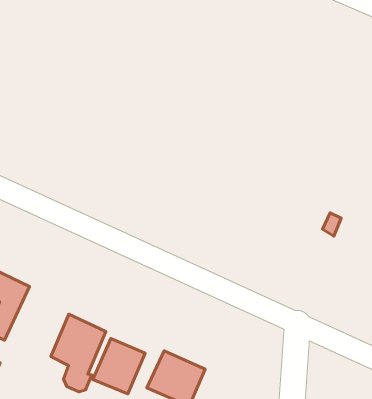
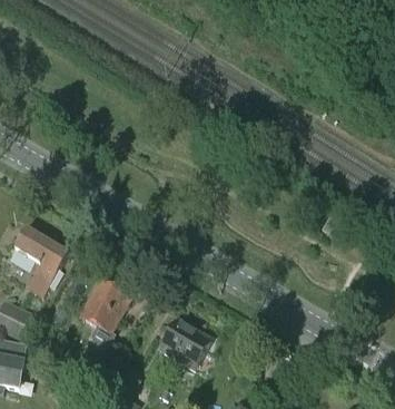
building: [93,338,145,394] -> none

